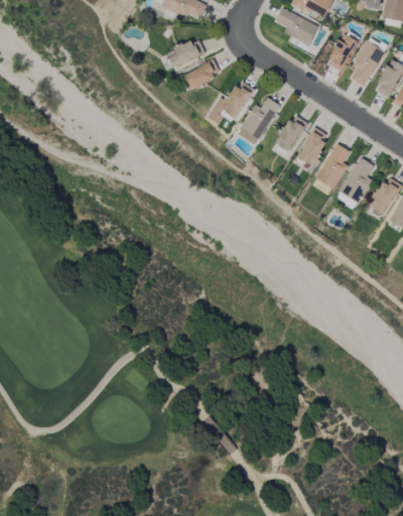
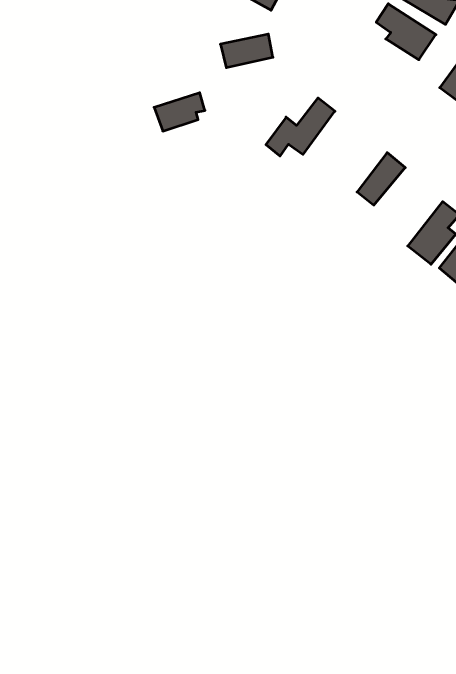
building: [182,60,219,91] -> [154,93,205,131]
building: [237,98,280,145] -> none
building: [296,128,330,168] -> none

